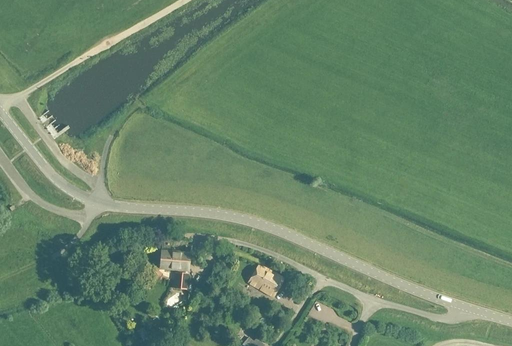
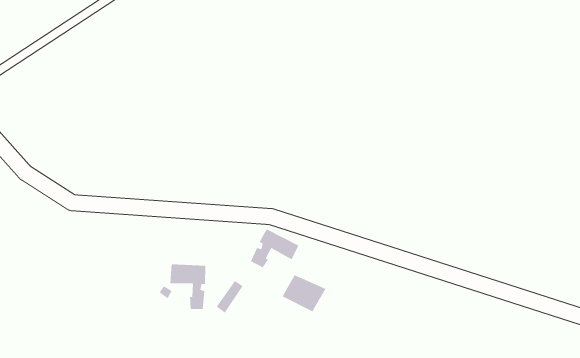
building: none -> [250,229,299,268]

